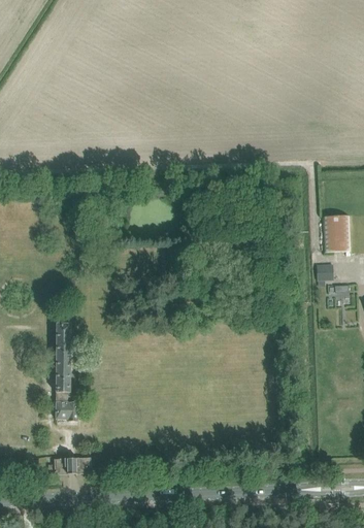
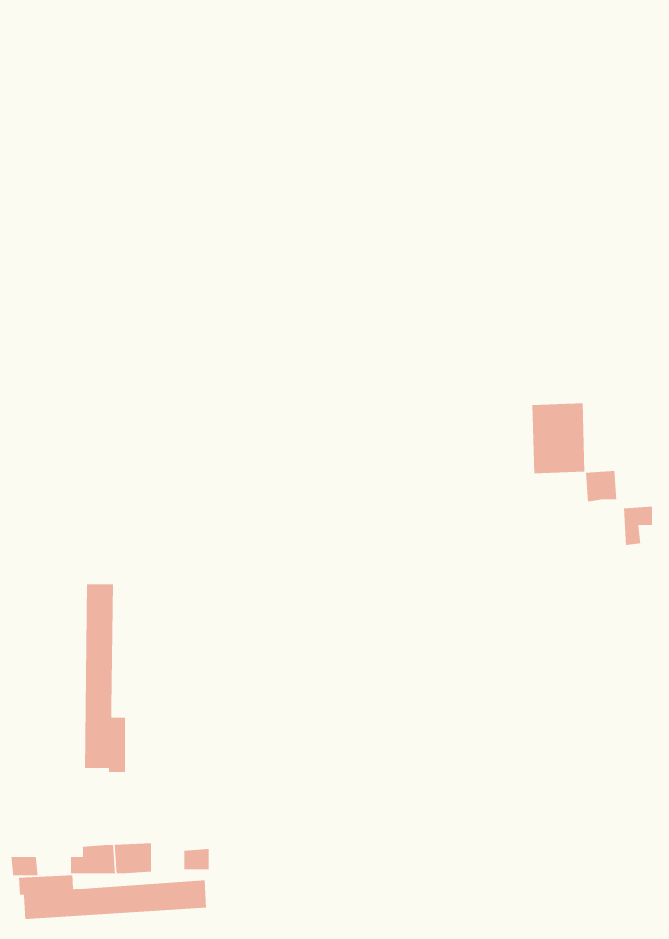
building: [322,214,350,252] -> [532,403,585,474]
building: none -> [18,874,207,920]

